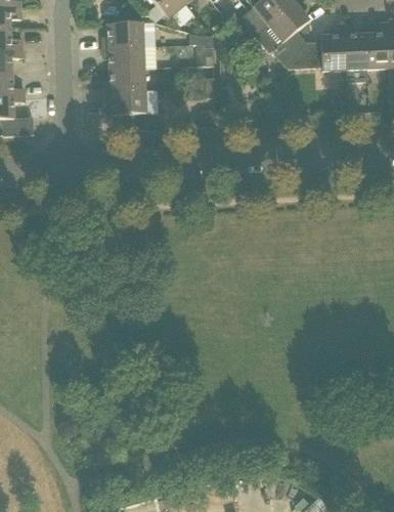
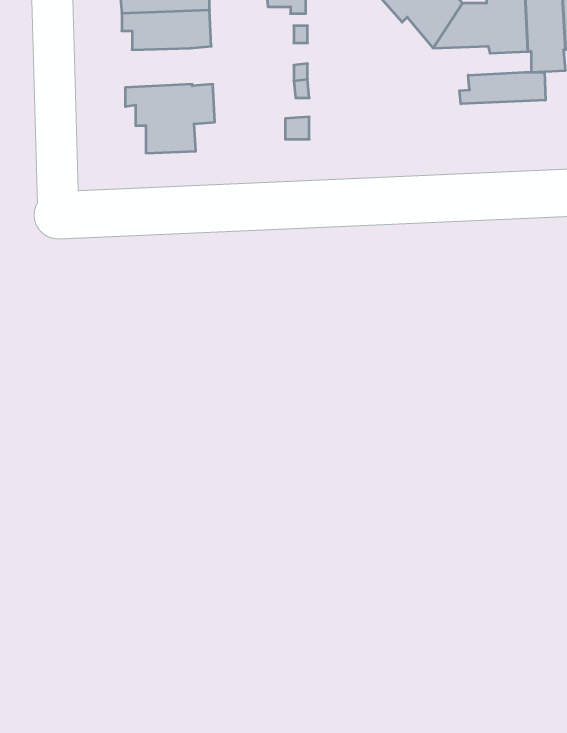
building: [105,67,146,90] -> none
building: none -> [460,72,545,104]

